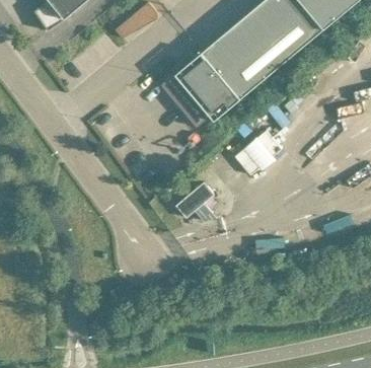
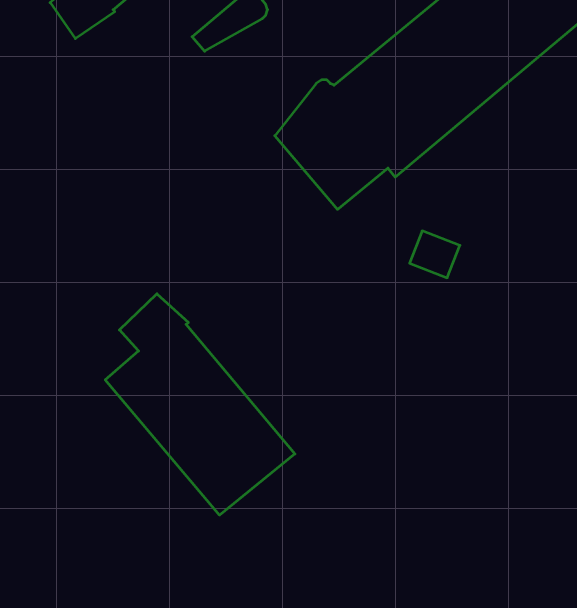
building: none -> [105,294,295,515]
building: [175,181,214,218] -> none

